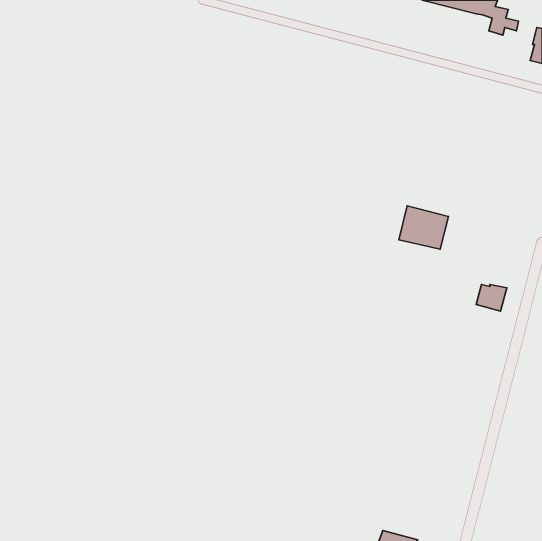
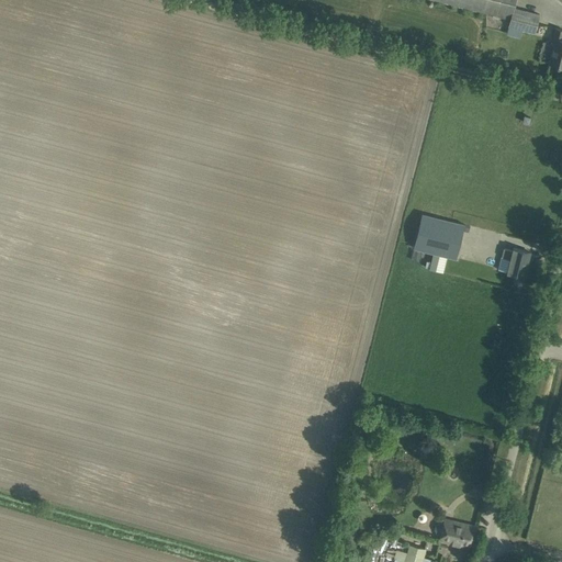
building: [476,284,507,311] -> [498,249,530,277]
building: none -> [435,520,475,548]

